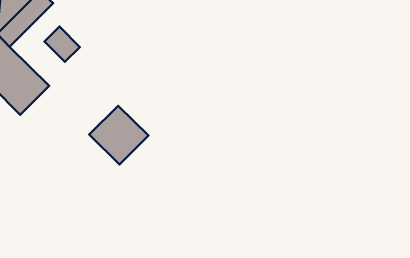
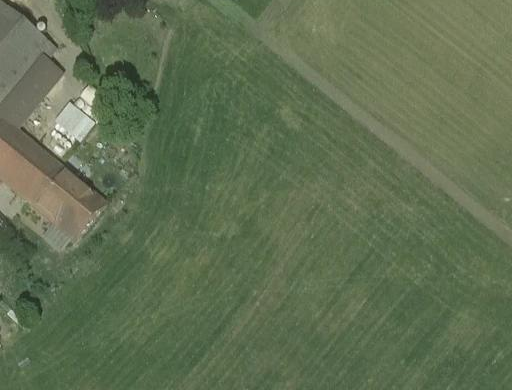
building: [89,106,148,164] -> [36,169,106,238]

